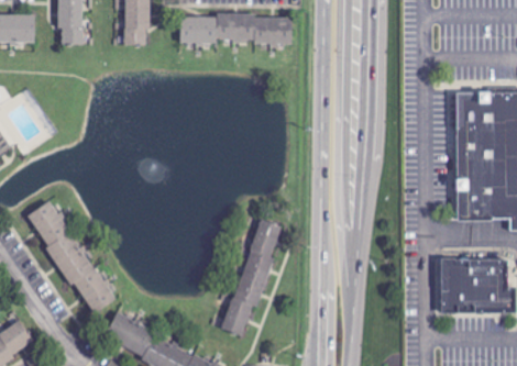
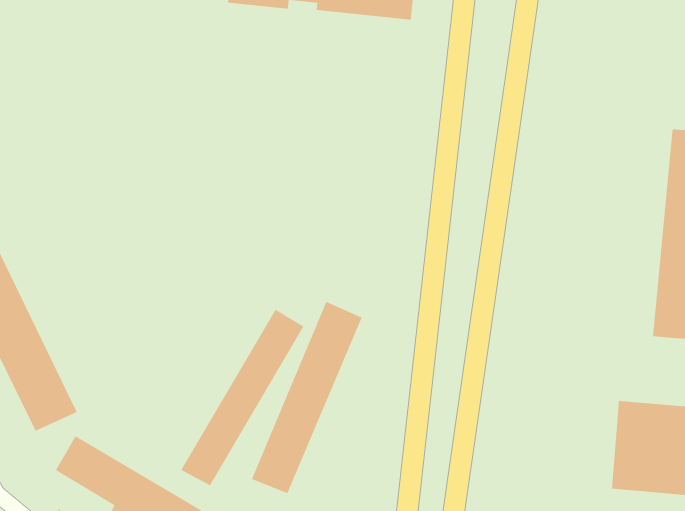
building: none -> [180,309,304,486]

